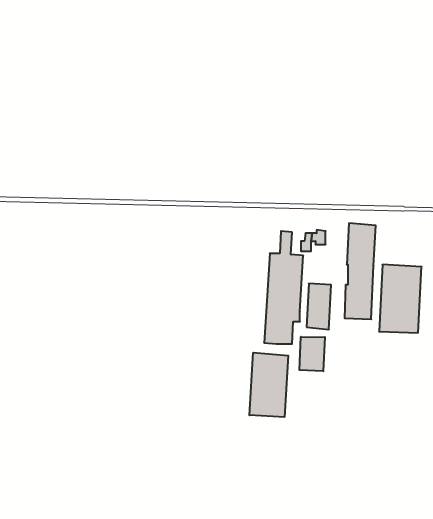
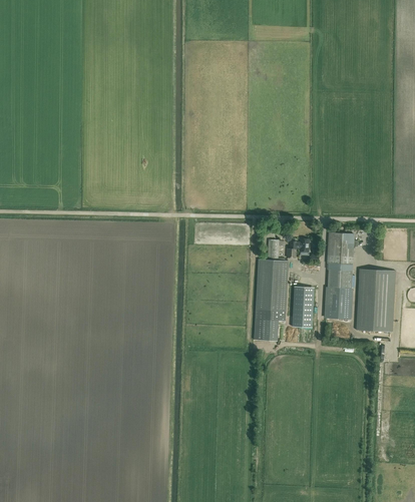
building: [299,337,325,371] -> none
building: [249,353,288,417] -> none

